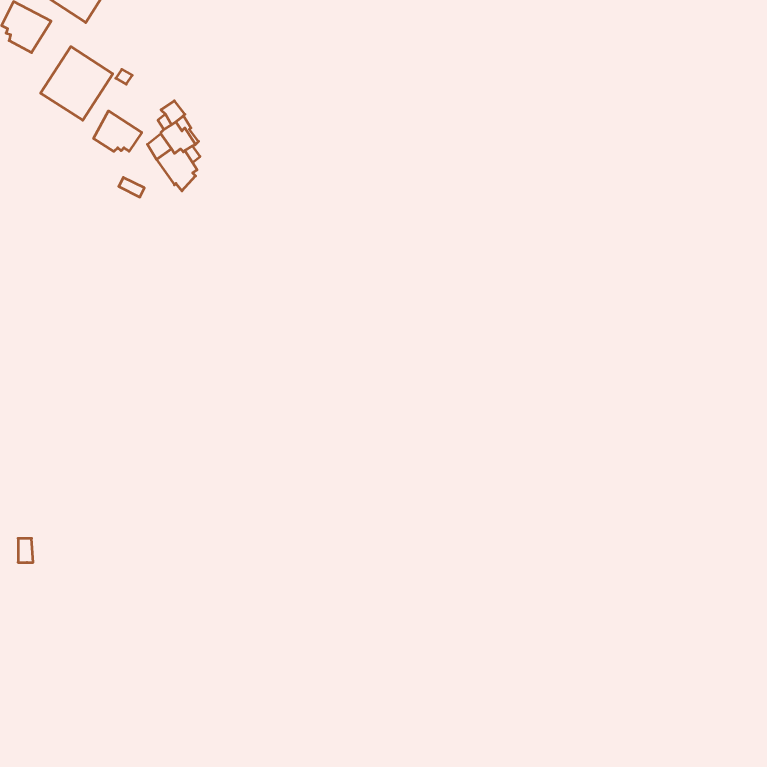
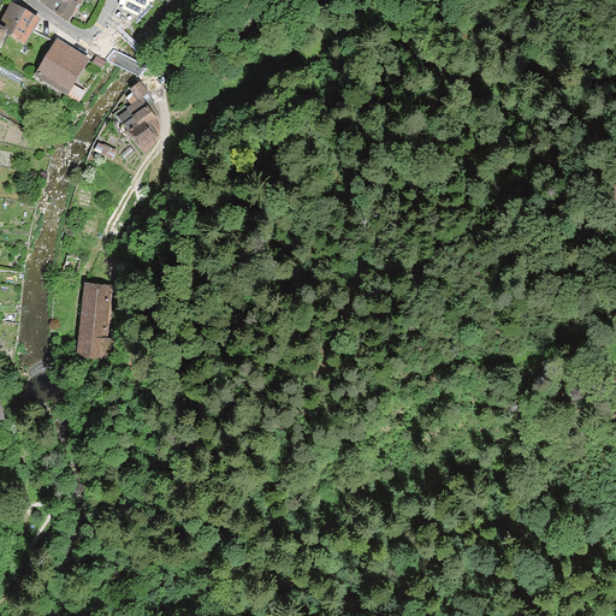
building: [94,111,142,151] -> none
building: none -> [76,282,111,357]

